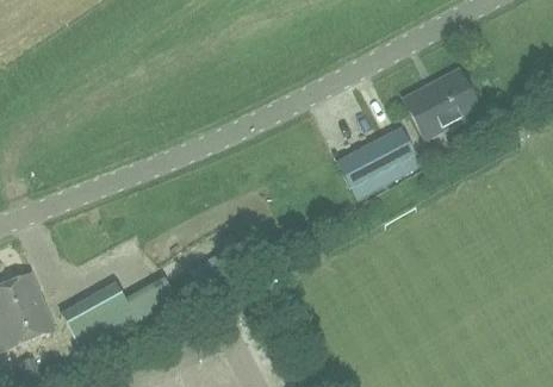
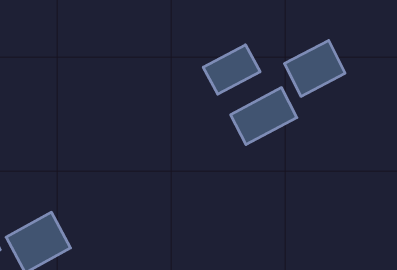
building: none -> [203,45,260,94]

